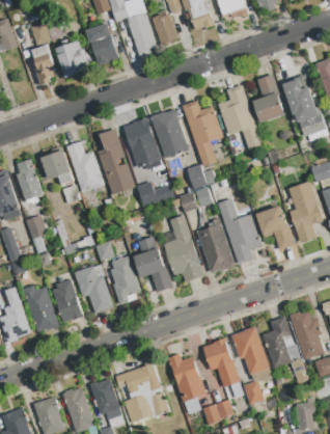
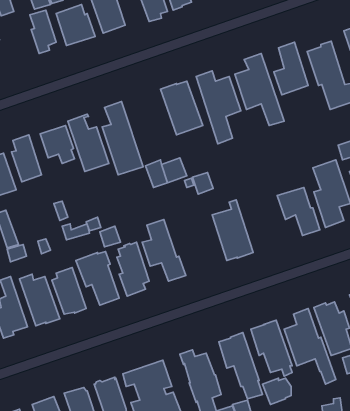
building: [123,118,162,169] -> none
building: [187,165,216,190] -> none
building: [218,199,262,265] -> none
building: [26,215,47,253] -> none
building: [163,215,204,282] -> none

